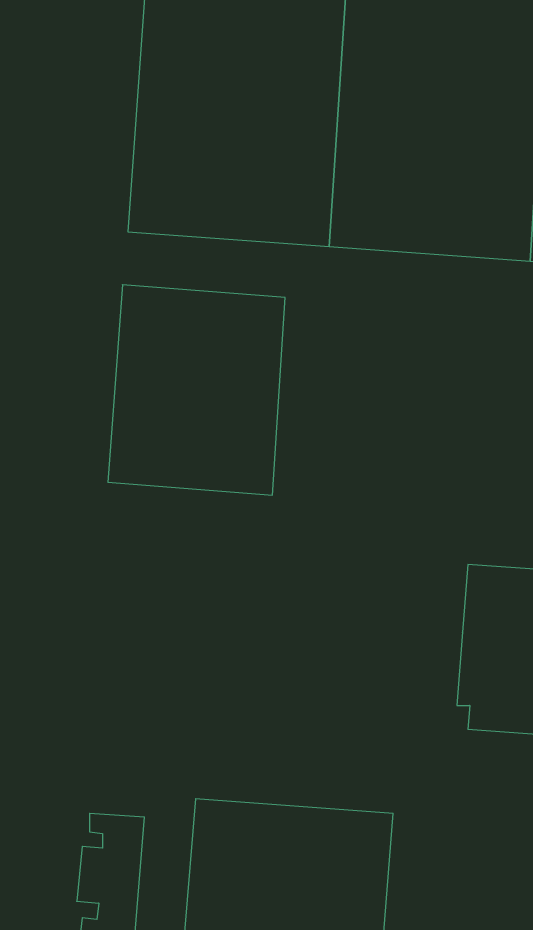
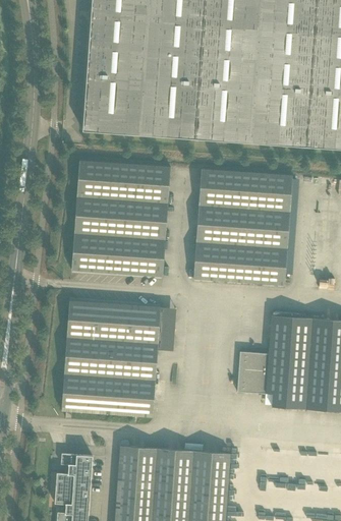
building: none -> [193,169,292,285]
building: none -> [61,300,160,417]
building: none -> [237,351,269,394]

